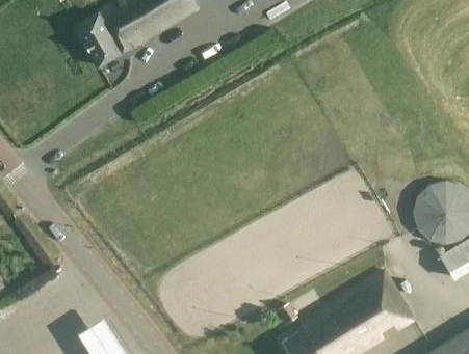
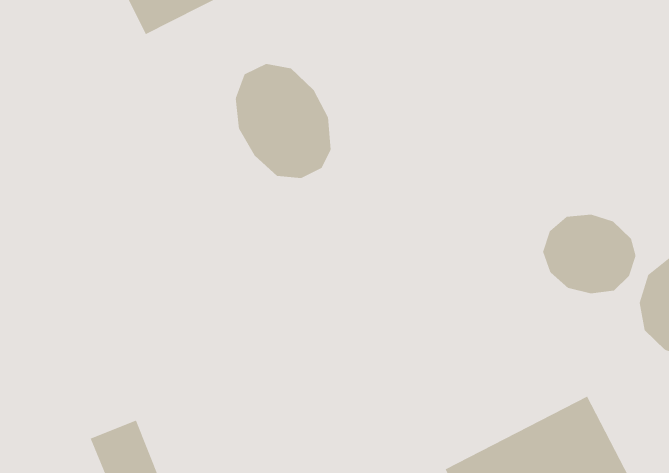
building: none -> [235,63,331,179]
building: none -> [542,214,636,294]

